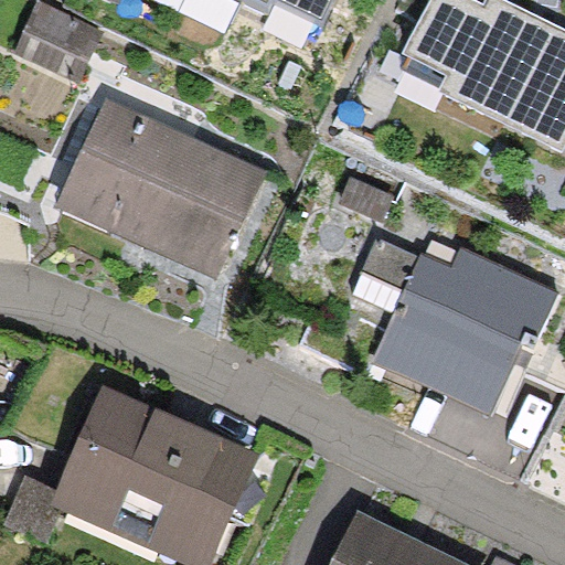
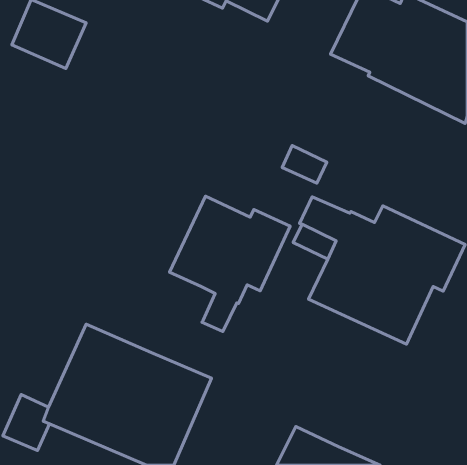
building: [54,97,266,281] -> none
building: none -> [169,196,290,332]

